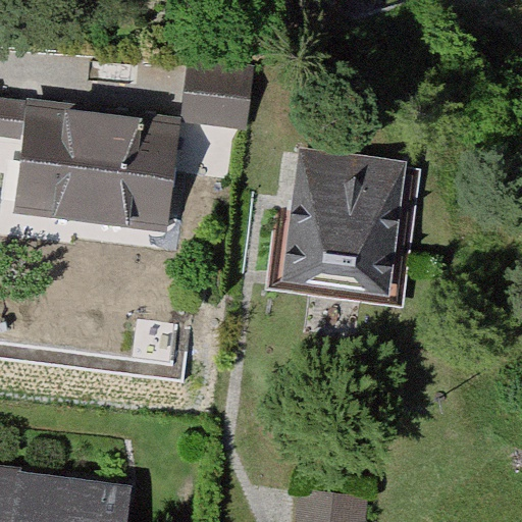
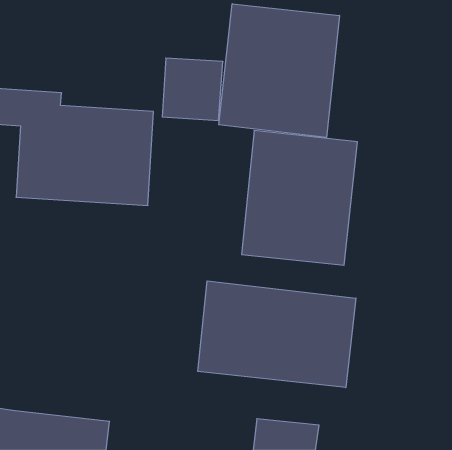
building: none -> [219,4,339,138]
building: none -> [198,281,356,388]

